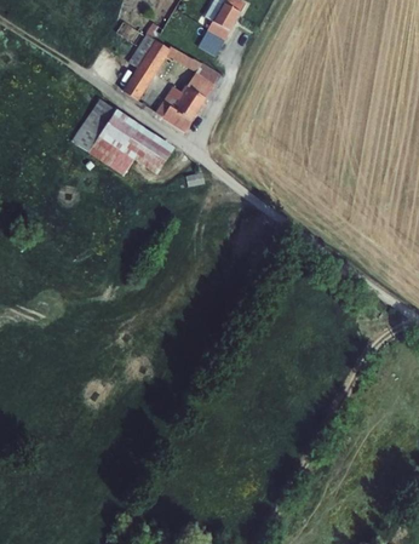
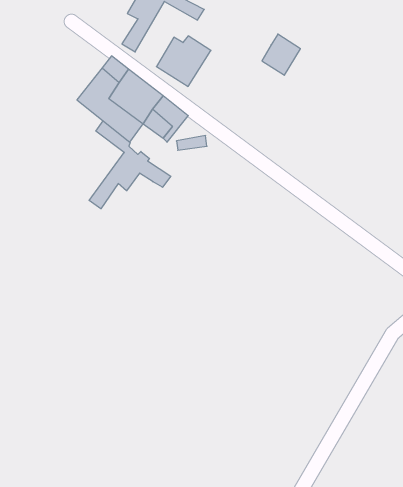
building: [184,61,219,98] -> [262,34,300,75]
building: none -> [89,121,171,209]

